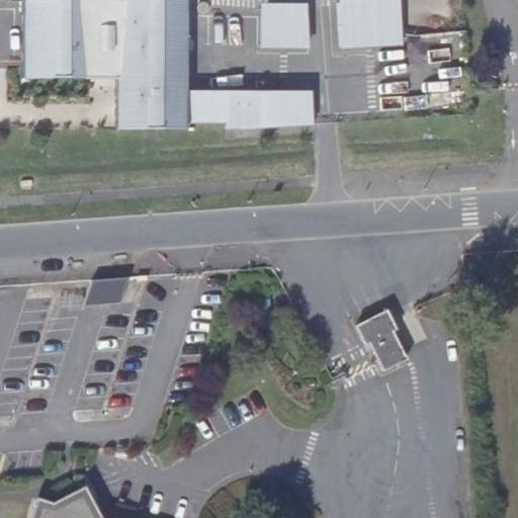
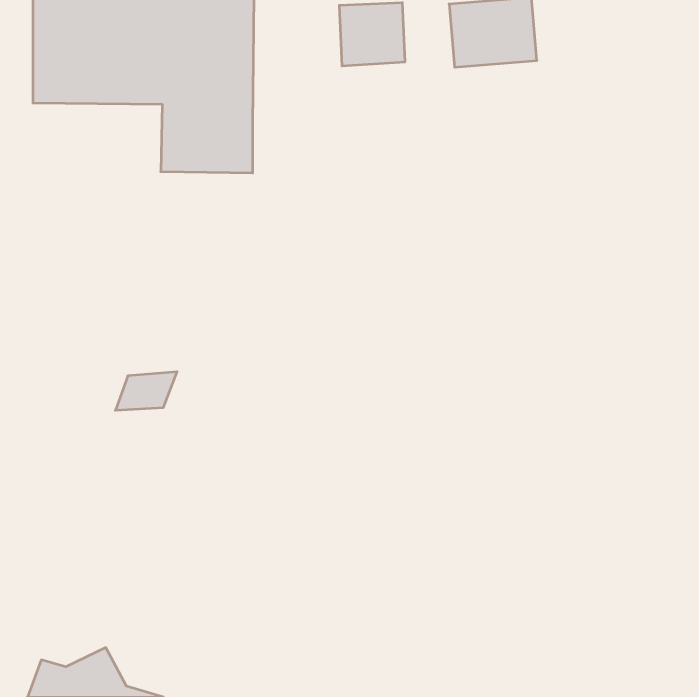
building: [188,91,311,131] -> none
building: [360,305,410,365] -> none

